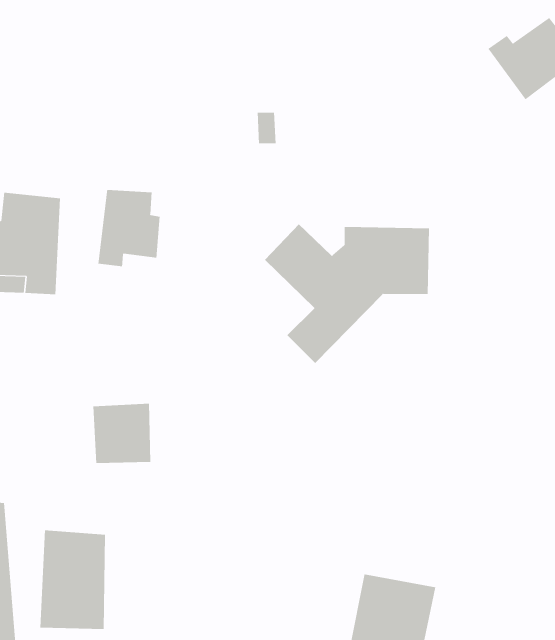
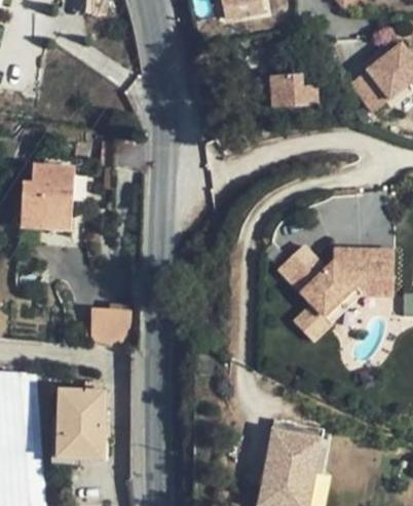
building: none -> [268,76,315,109]
building: [98,189,160,267] -> none
building: [264,224,430,364] -> [281,245,395,341]

